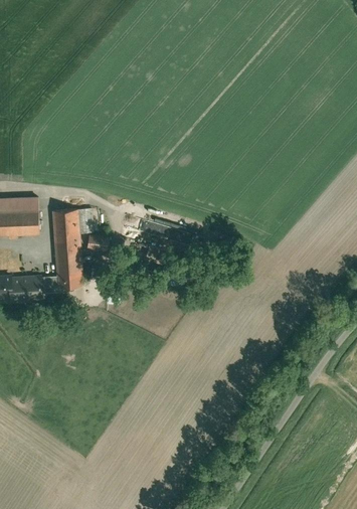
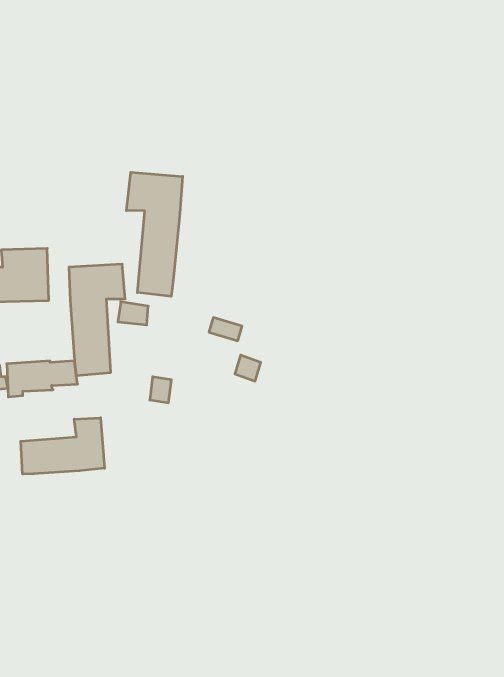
building: none -> [126,172,183,296]
building: none -> [21,418,105,474]

